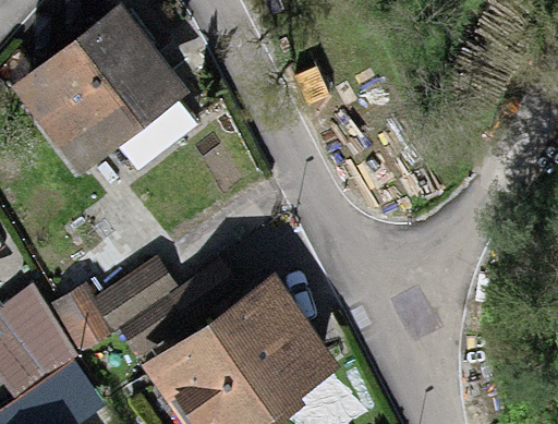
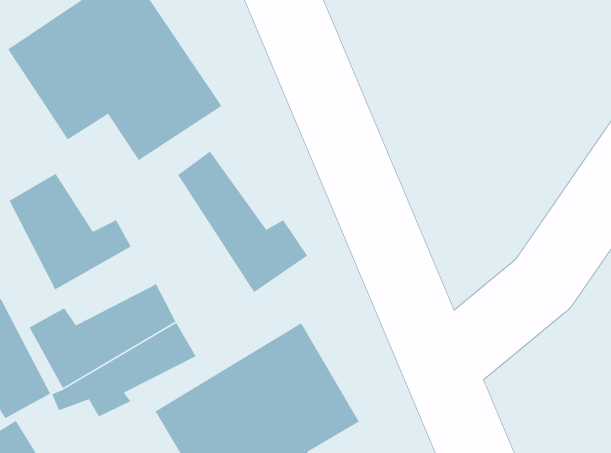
building: none -> [177,151,308,293]
building: none -> [9,173,132,290]

